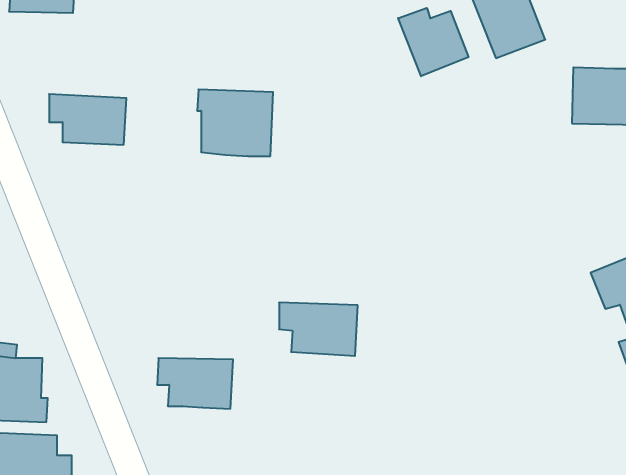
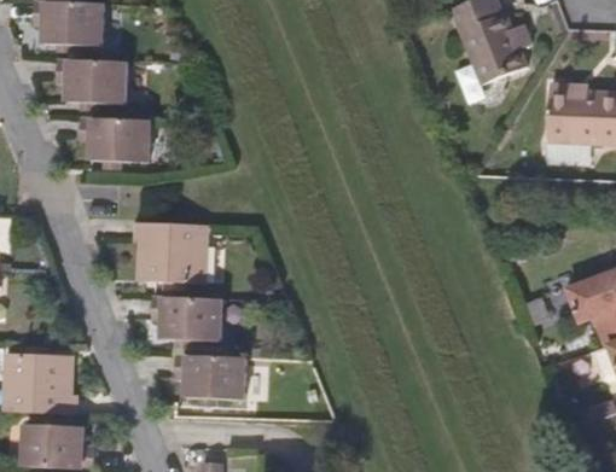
building: [398,8,468,76] -> none
building: none -> [54,57,124,105]
building: [197,89,273,156] -> [136,222,205,282]
building: [279,303,358,356] -> [151,295,222,343]

